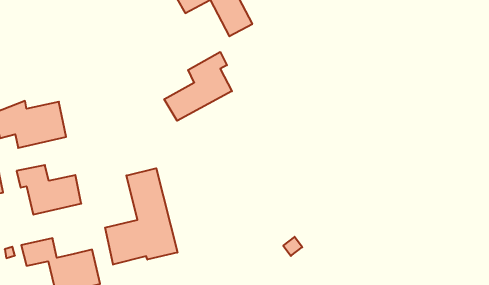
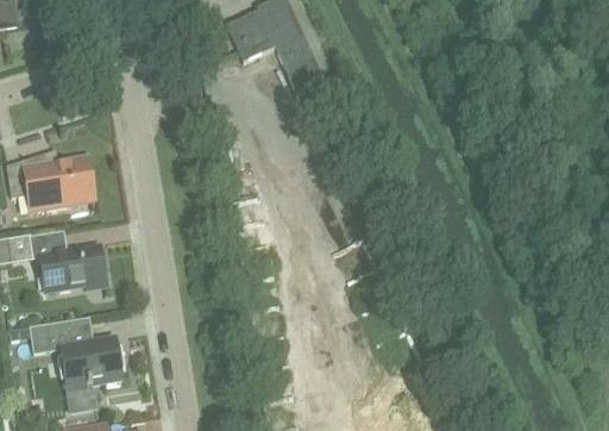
building: [164,52,232,121] -> none
building: [105,168,177,265] -> none

